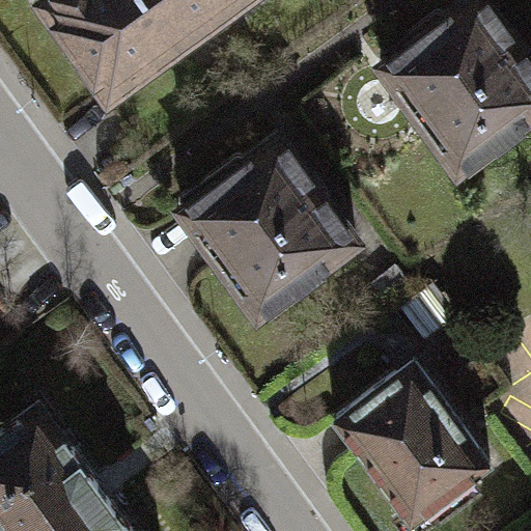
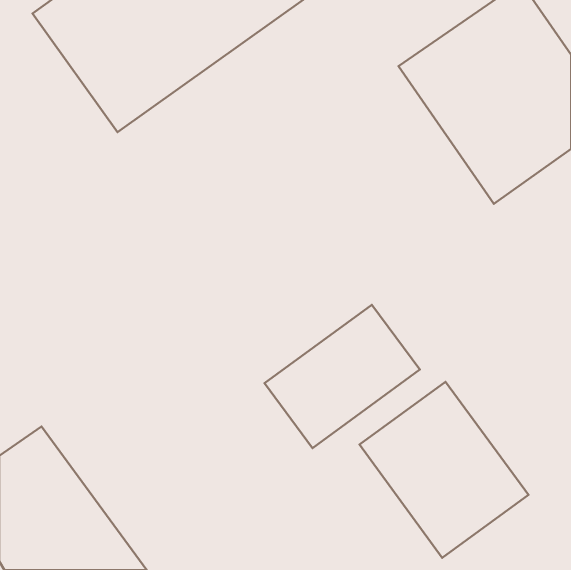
building: [167,130,366,332] -> none
building: none -> [265,305,420,448]

